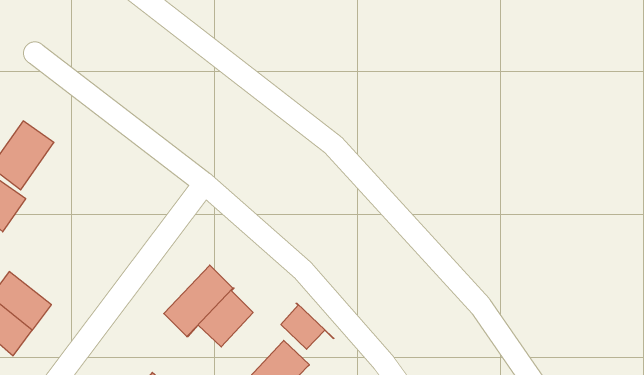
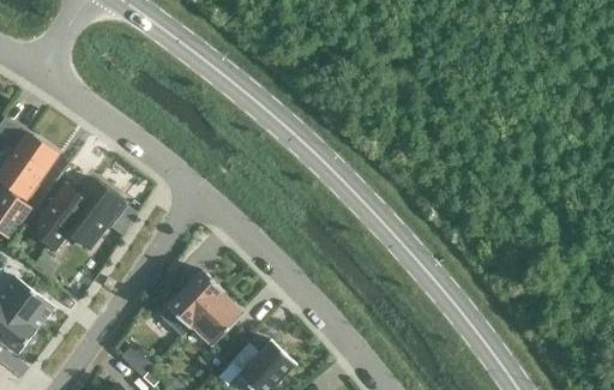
building: none -> [26,178,121,251]
building: [281,303,334,349] -> none

